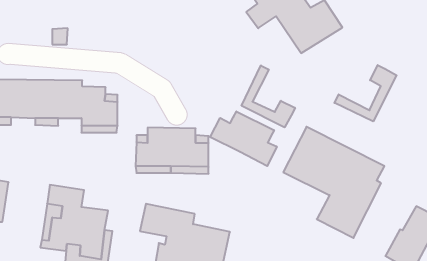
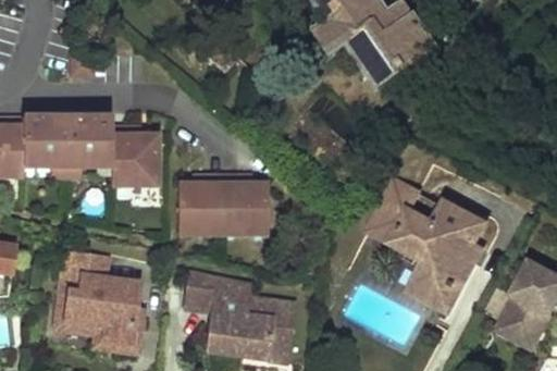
building: [334,65,397,121] -> none
building: [242,65,295,127] -> none
building: [210,111,277,166] -> none

